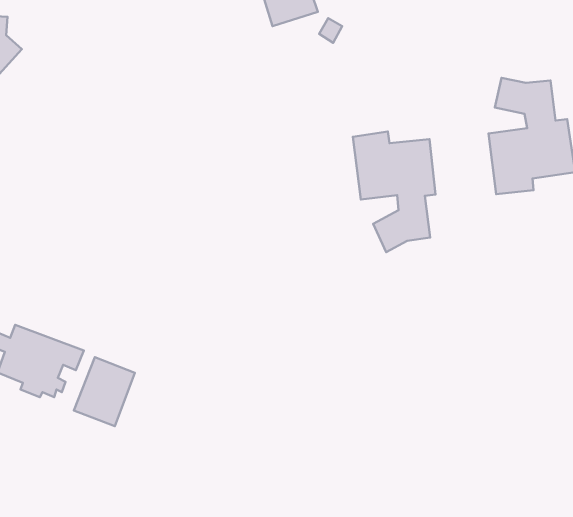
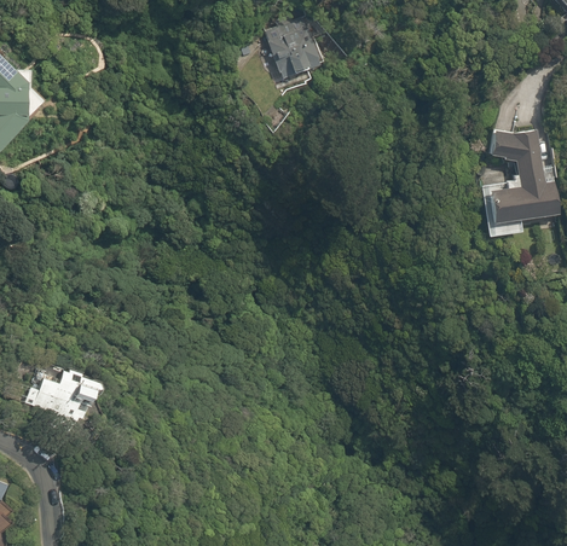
building: [353,131,436,252] -> none
building: [74,357,135,426] -> none

